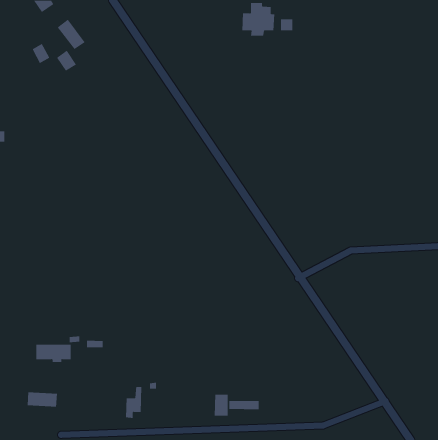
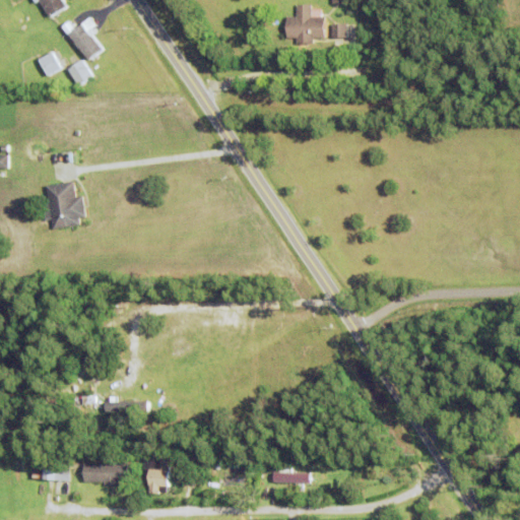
building: none -> [45,180,84,229]
building: [35,344,72,362] -> [83,463,126,484]
building: [214,394,228,416] -> none

